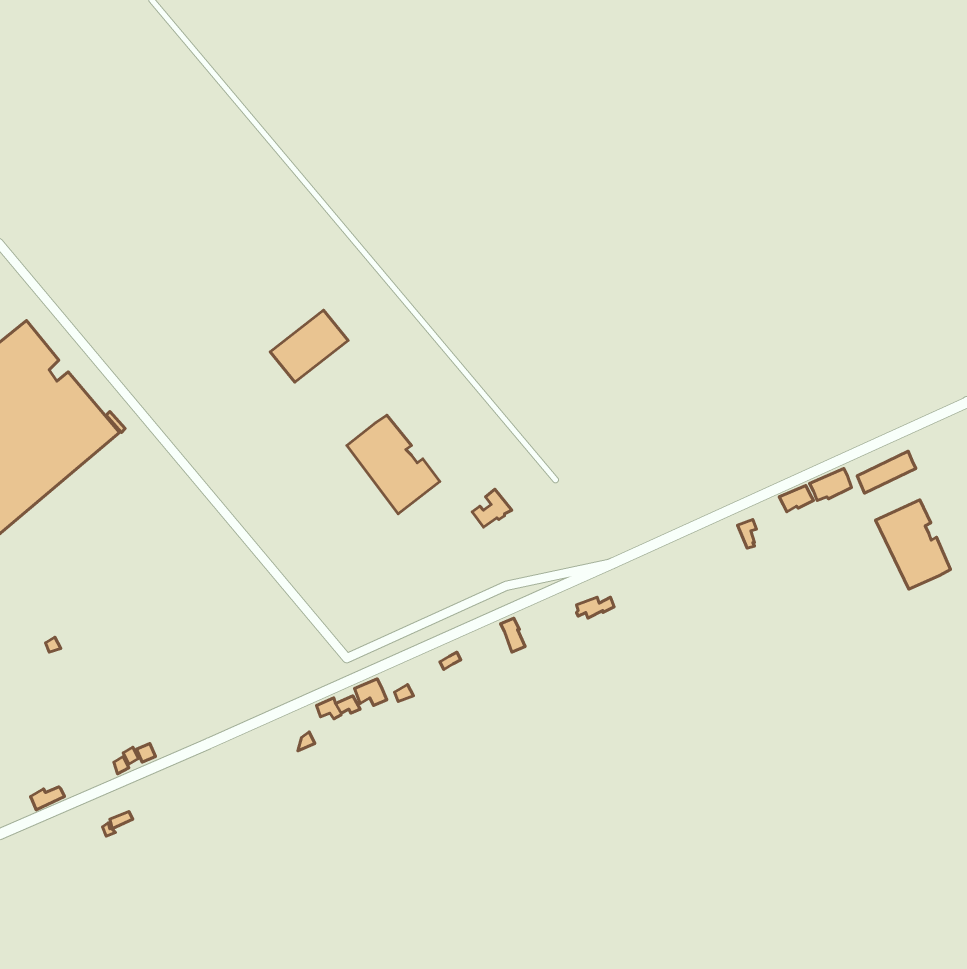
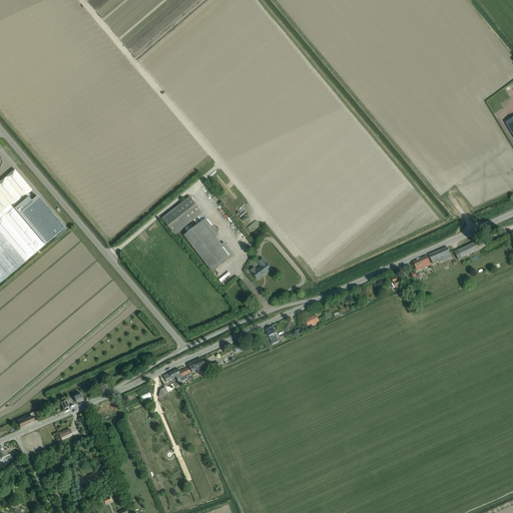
building: [270,310,348,382] -> [160,196,201,234]
building: [876,500,951,589] -> none

